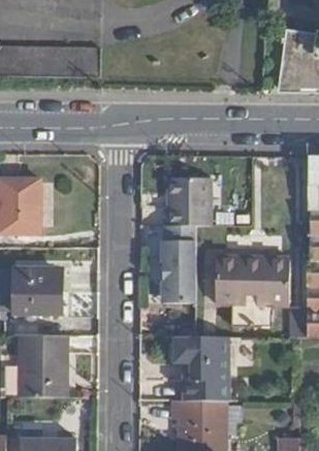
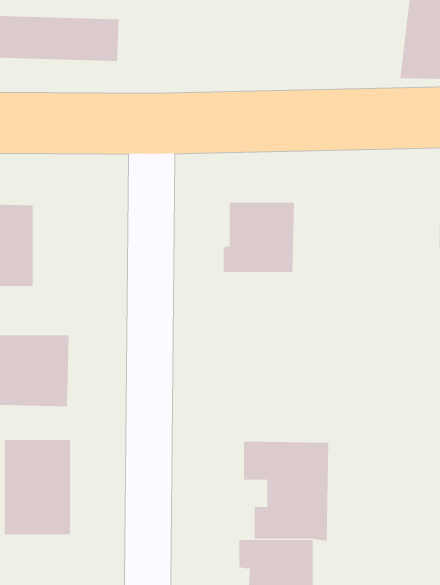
building: [162,223,197,301] -> none
building: [216,255,286,324] -> none

